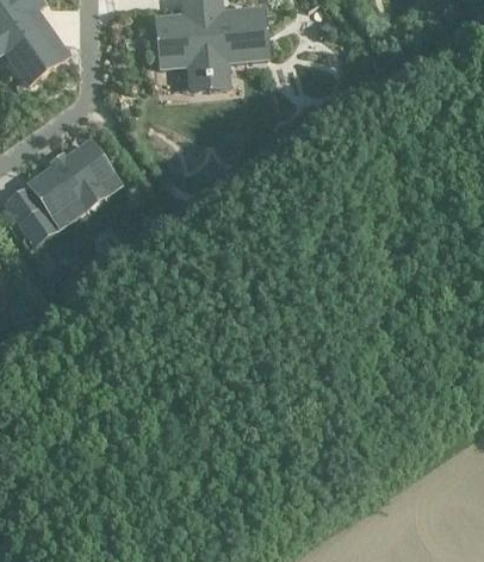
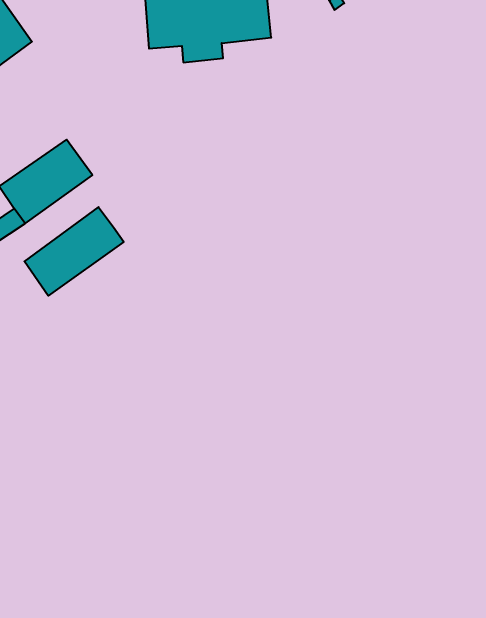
building: none -> [24,207,124,296]

